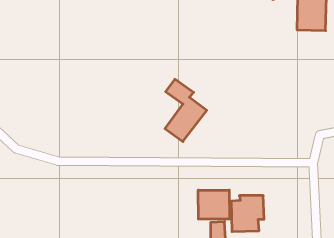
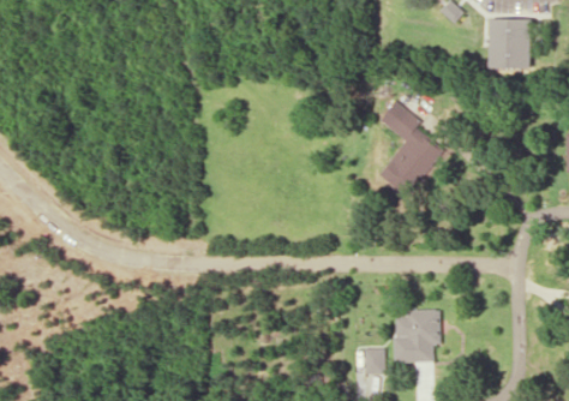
building: [165,79,207,142] -> [378,103,439,194]
building: [198,190,229,219] -> none

